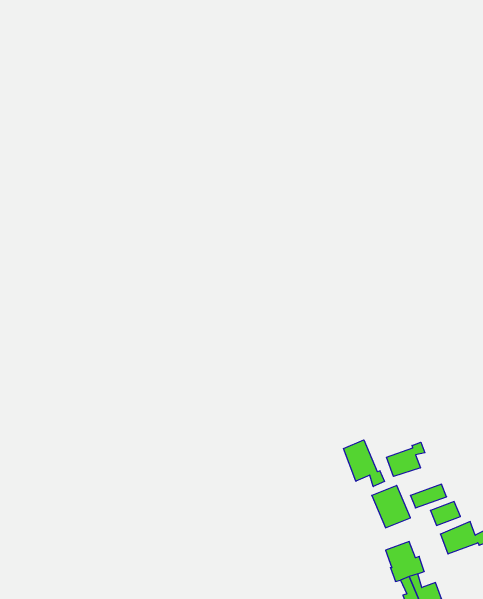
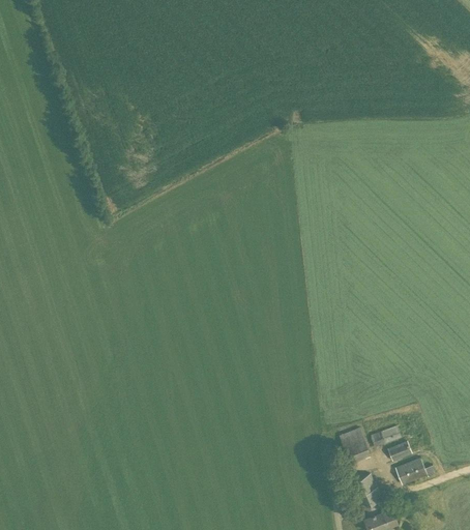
building: [343,440,384,487] -> none
building: [387,442,425,476] -> none

